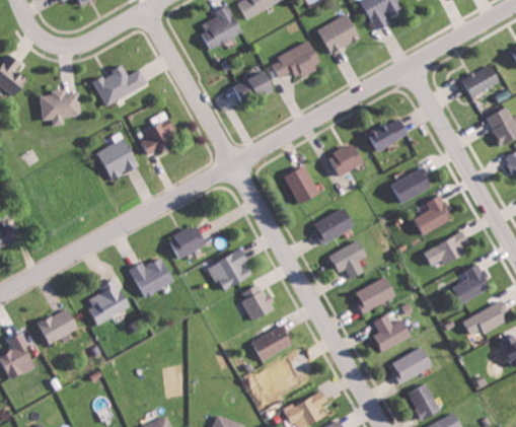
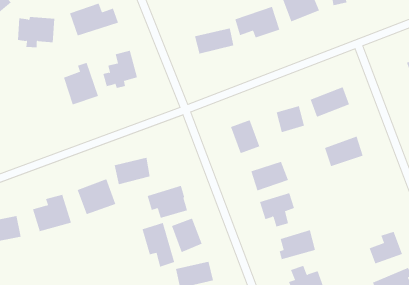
building: [415,195,452,233] -> none
building: [424,229,467,265] -> none
building: none -> [142,222,175,268]

